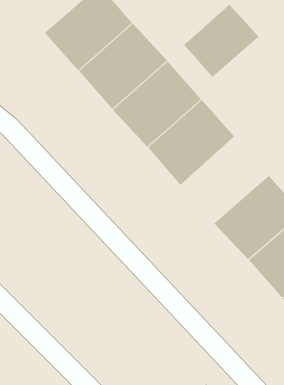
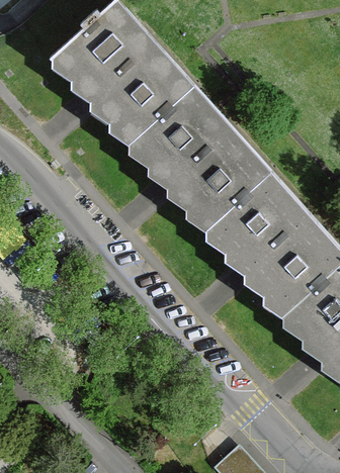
building: [183,4,259,78] -> none
building: none -> [207,174,308,272]

